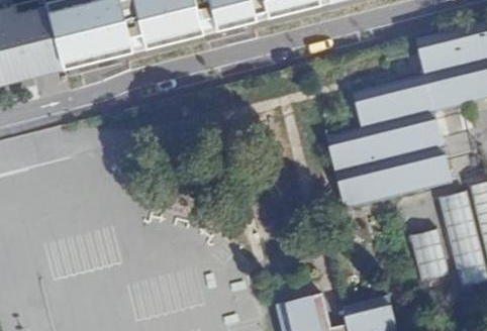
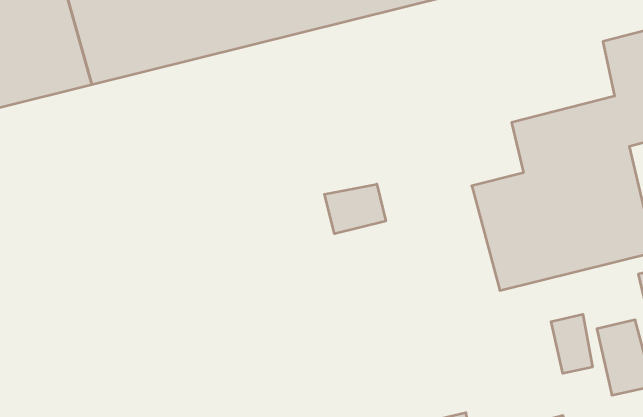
building: none -> [324,184,386,234]
building: none -> [551,314,592,373]

